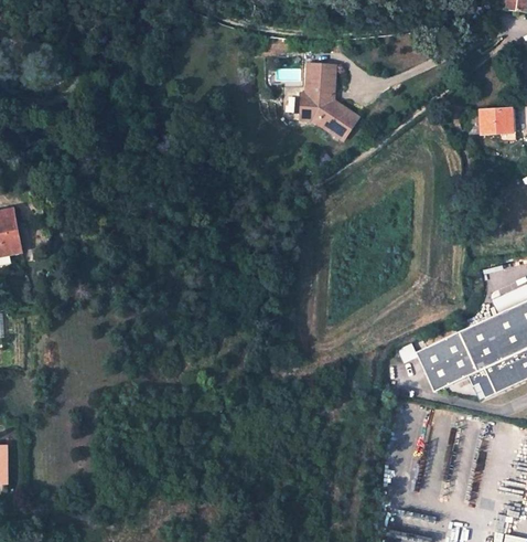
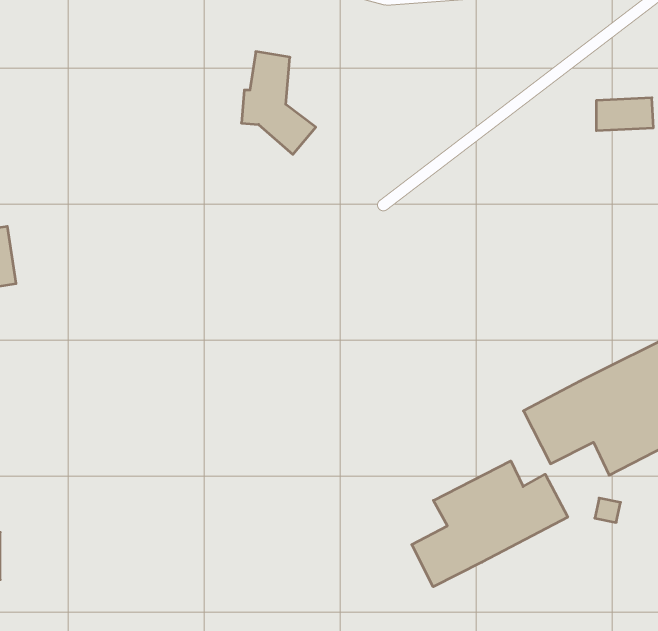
building: [297,61,354,140] -> [241,52,316,154]
building: none -> [412,461,568,587]

